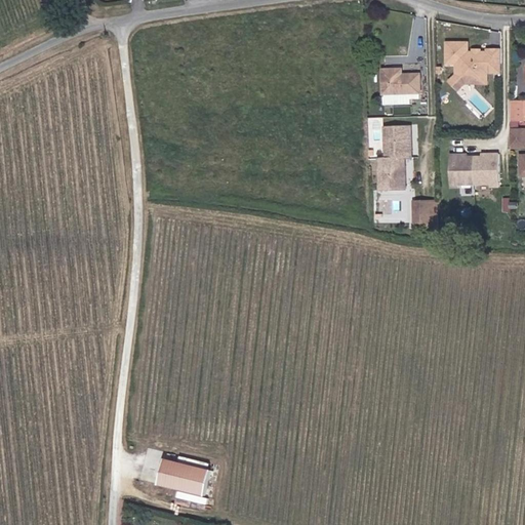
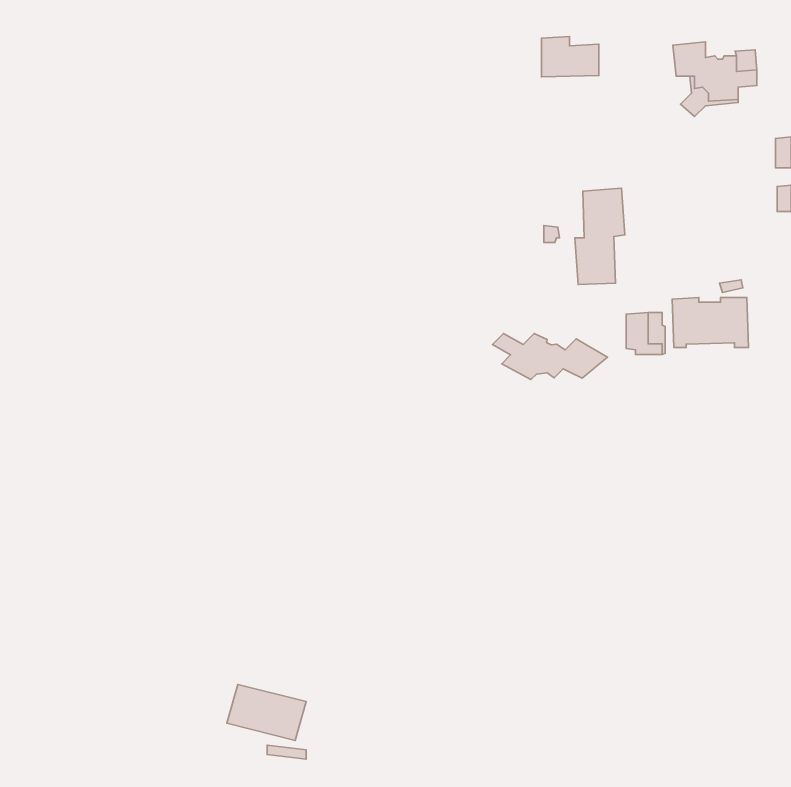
building: [379,62,417,88] -> [541,36,599,77]
building: [452,158,502,191] -> [672,298,748,347]
building: none -> [493,333,607,380]

